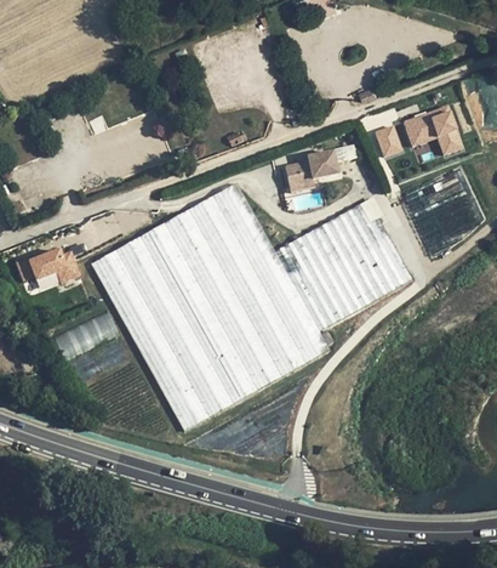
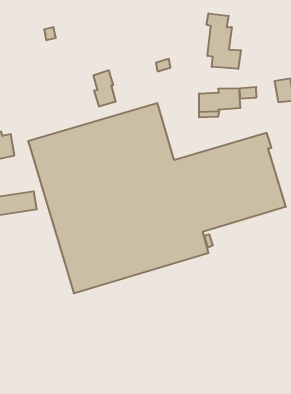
building: none -> [207,13,241,69]
building: none -> [93,70,115,107]

